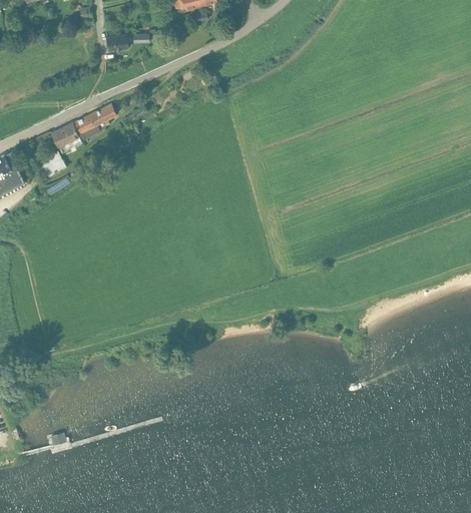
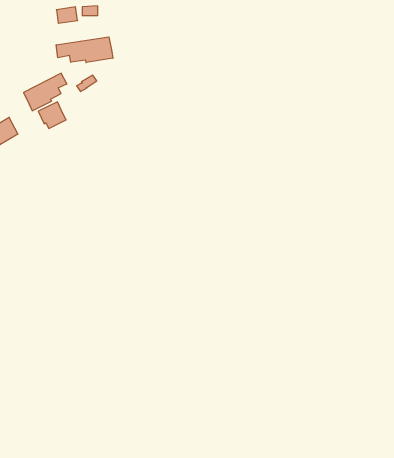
building: none -> [56,37,113,63]
building: [51,123,80,151] -> [38,102,66,129]

